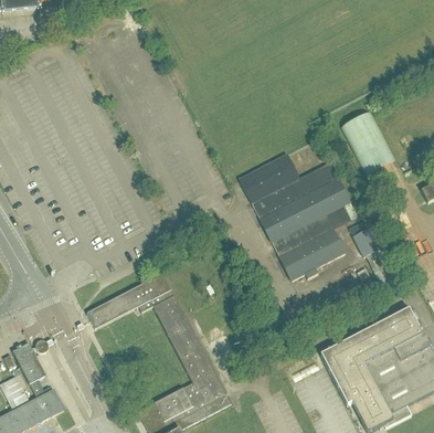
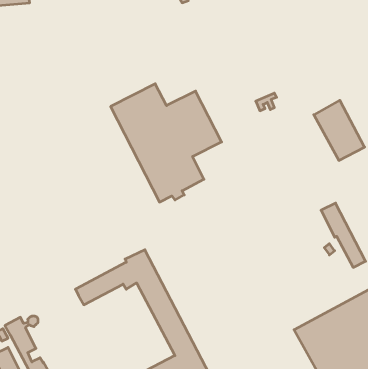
building: [239,154,357,279] -> [111,84,222,202]

